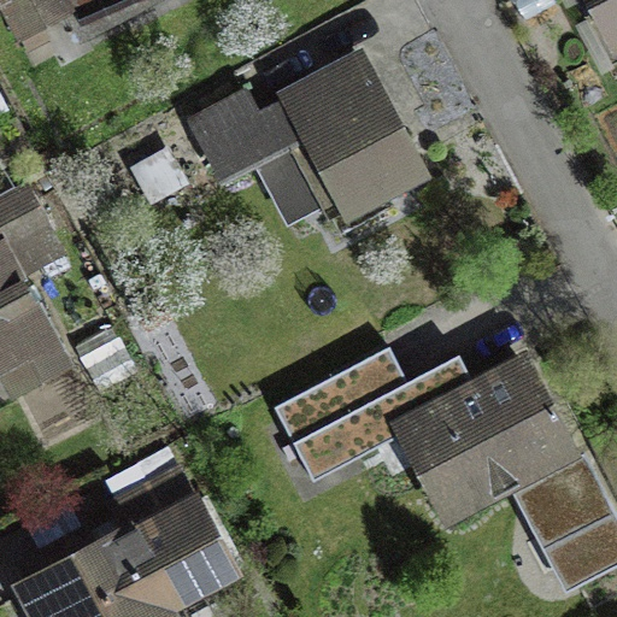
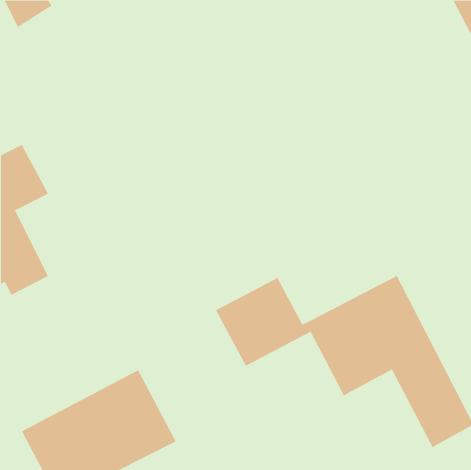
building: [208,61,421,218] -> none

